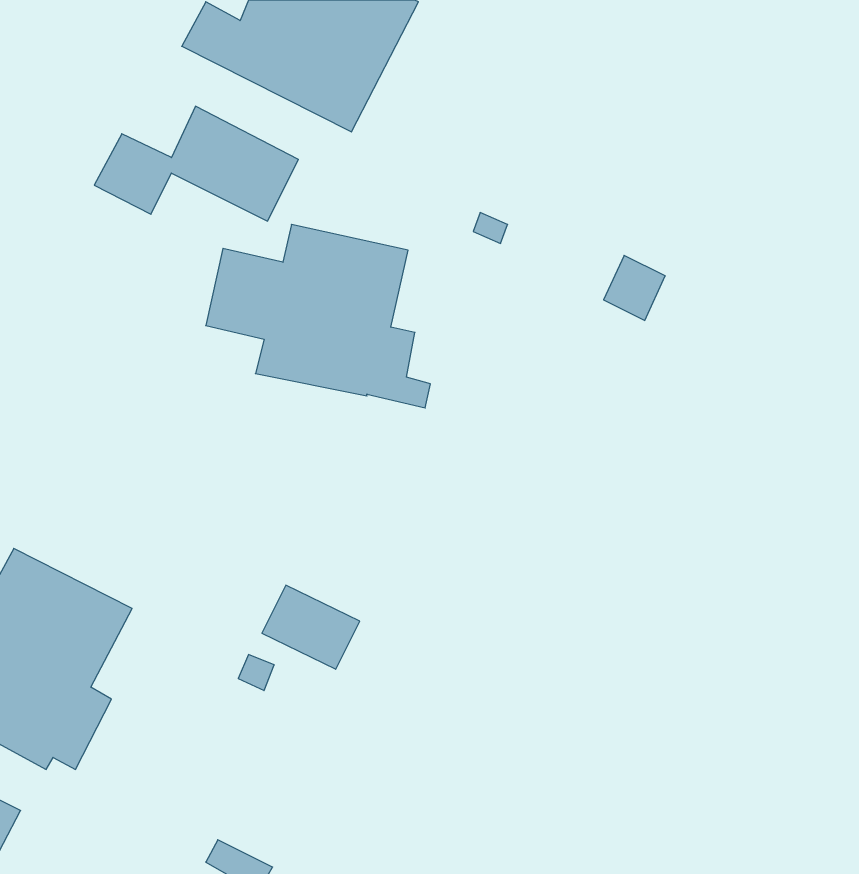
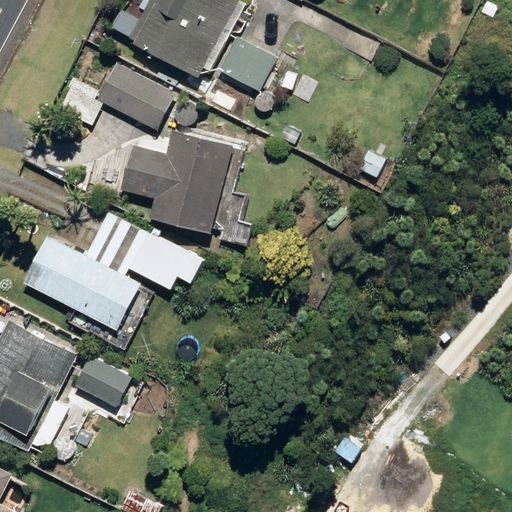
building: none -> [214,35,275,92]
building: none -> [23,213,184,329]
building: [262,585,360,669] -> [74,356,131,405]

